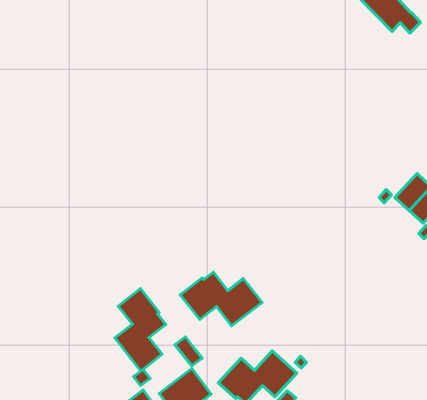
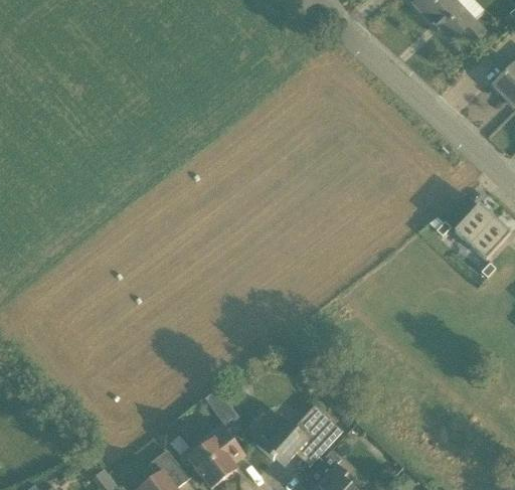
building: [180,272,262,326] -> none
building: [115,288,166,371] -> none

